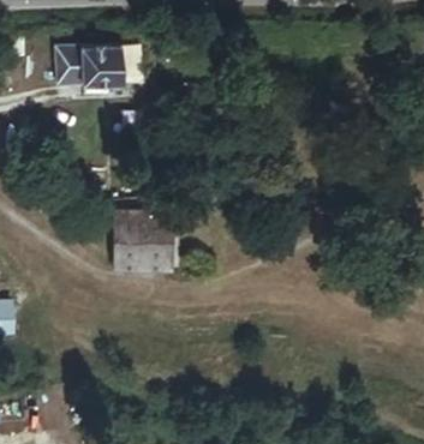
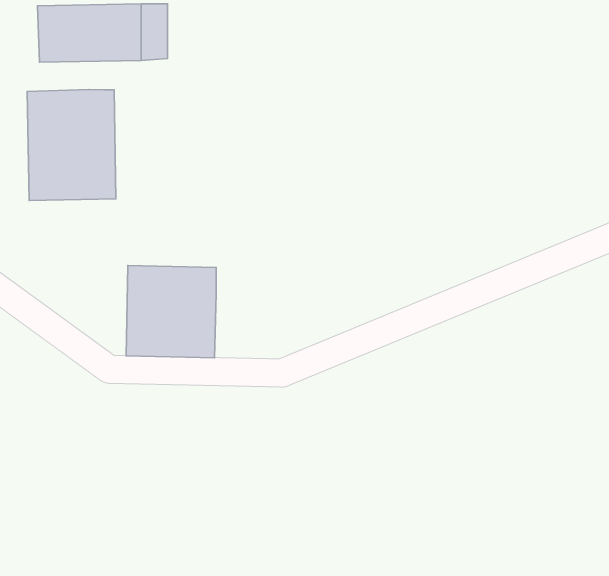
building: none -> [27,90,116,200]

